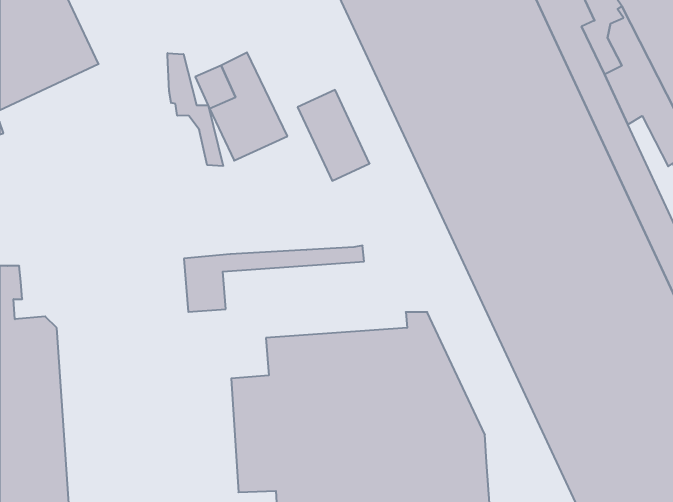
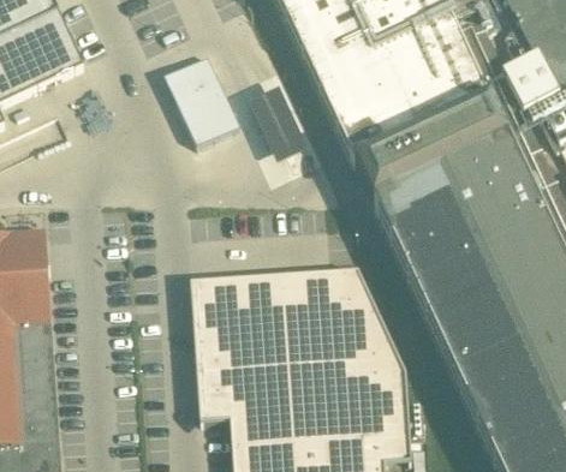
building: [168,53,223,166] -> none
building: [184,246,364,312] -> [190,268,340,323]
building: none -> [12,227,48,281]

